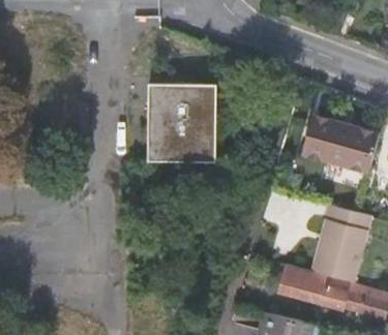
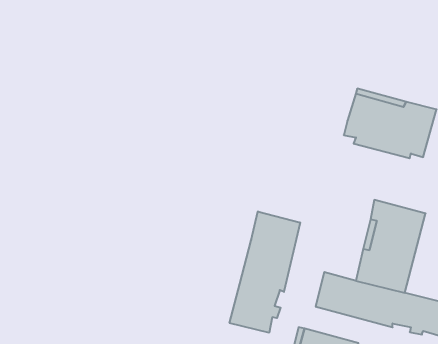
building: [145,86,214,164] -> none
building: none -> [230,211,300,333]

